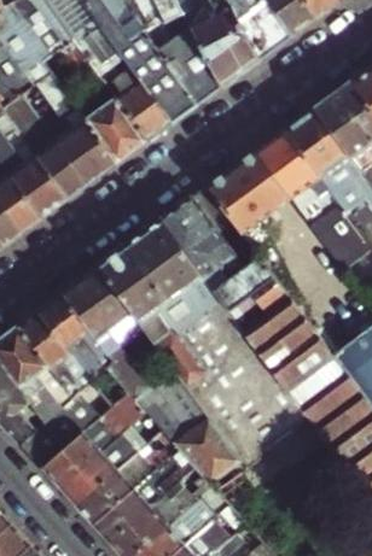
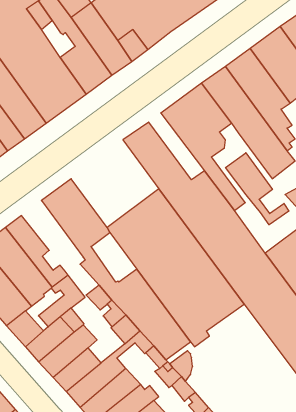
building: [97,218,203,324] -> none
building: none -> [226,153,289,225]
building: [36,292,111,378] -> none

